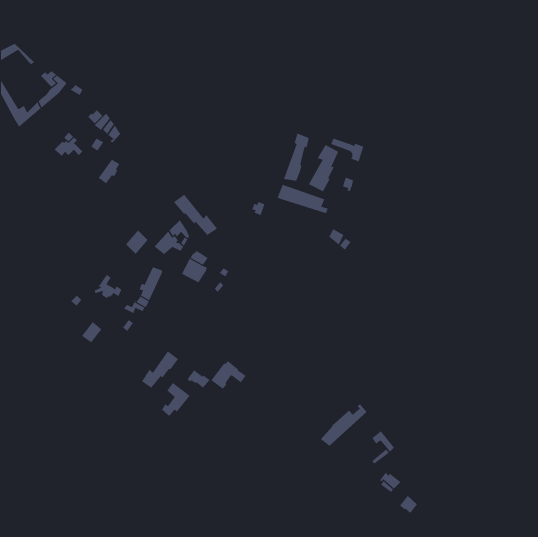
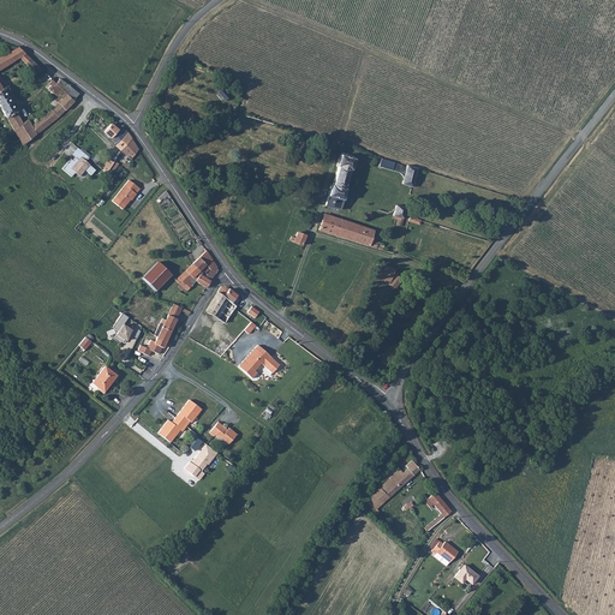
building: [308,144,339,192] -> none
building: [173,194,218,236] -> none
building: [211,360,246,390] -> [240,344,281,377]

